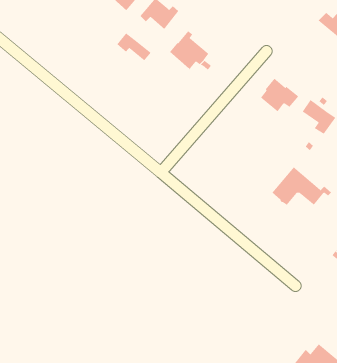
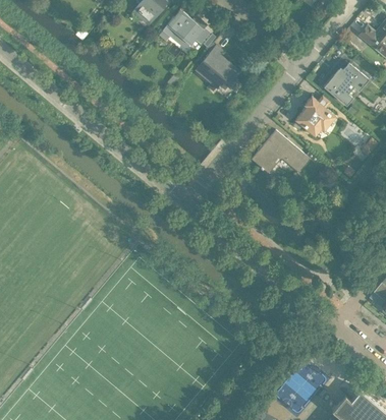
building: [117,32,151,61] -> none
building: none -> [324,65,366,105]
building: [271,166,332,205] -> [251,131,317,174]

